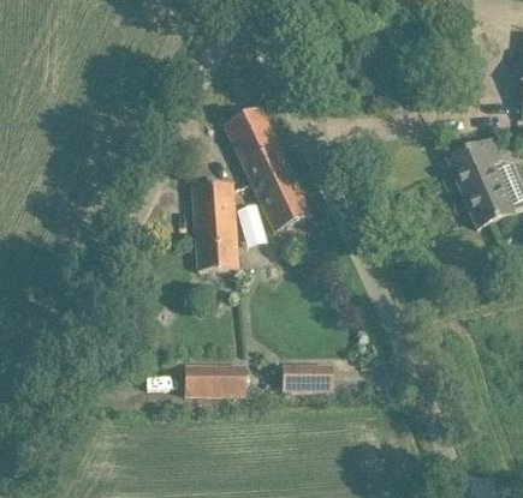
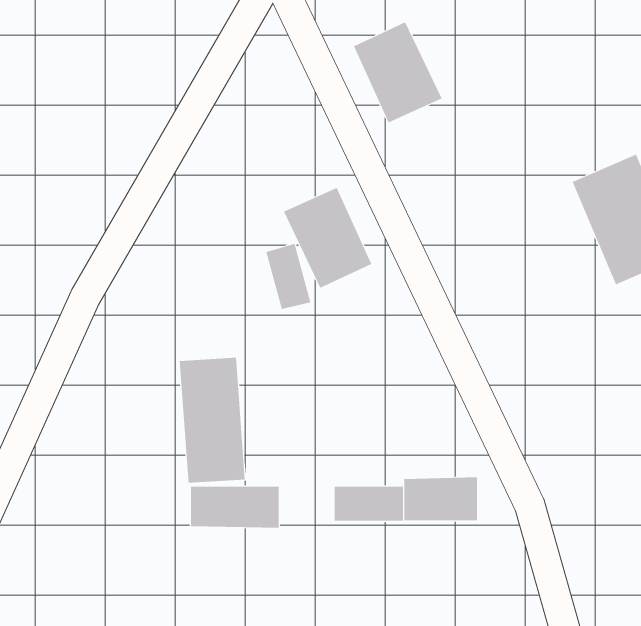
building: [224,107,285,176] -> [353,22,442,123]
building: [191,182,237,269] -> [179,357,245,483]
building: none -> [404,476,477,521]

